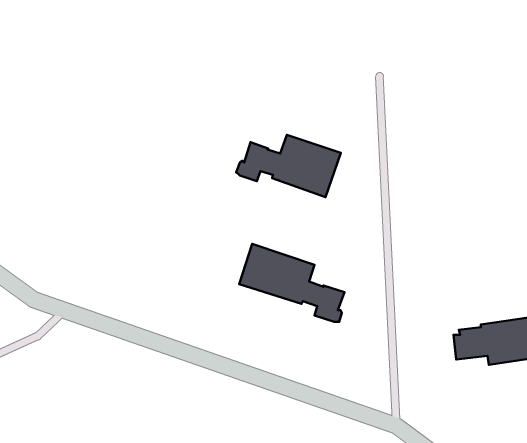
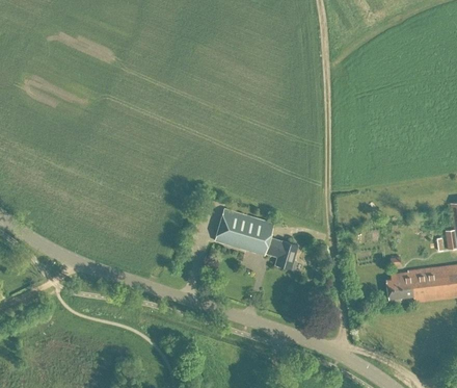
building: [236,135,341,197] -> none

